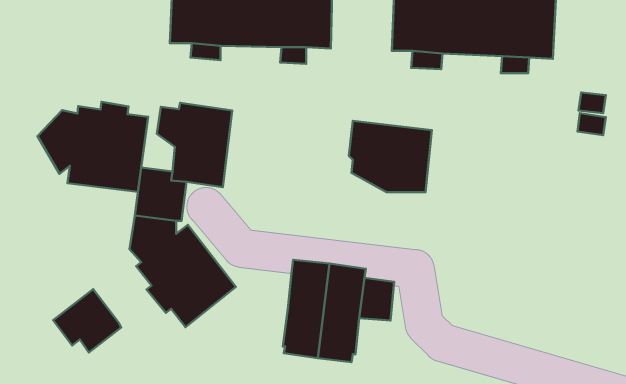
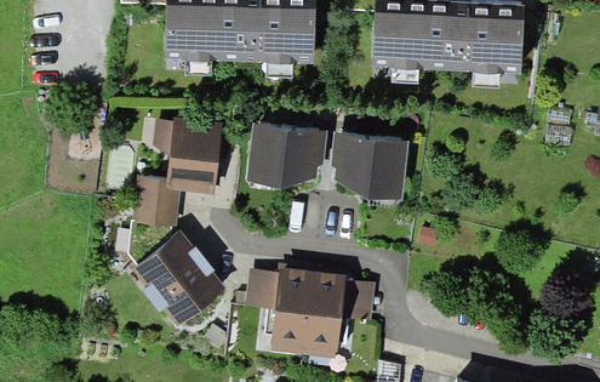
building: [37,102,148,192] -> none
building: none -> [246,122,327,187]
building: none -> [244,267,278,307]
building: [53,289,121,353] -> none

